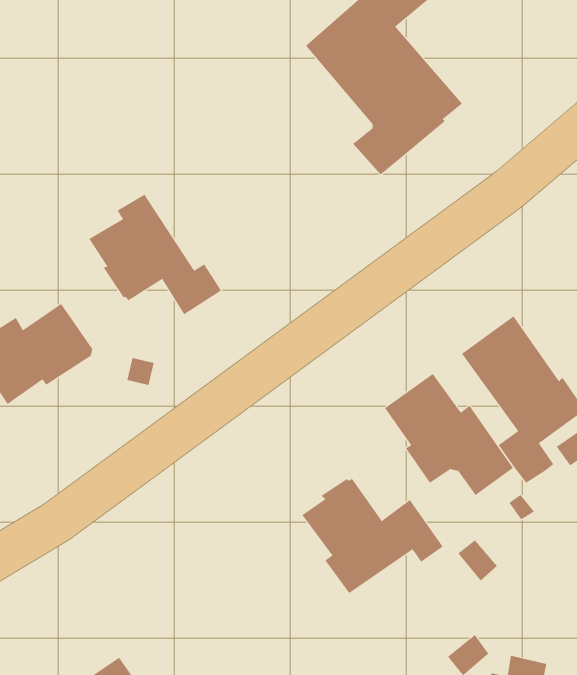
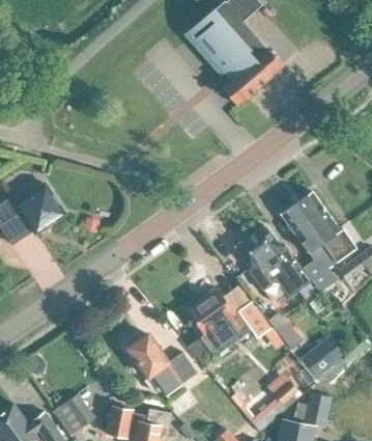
building: [89,194,222,315] -> none
building: none -> [128,333,197,396]
building: none -> [302,335,344,377]

